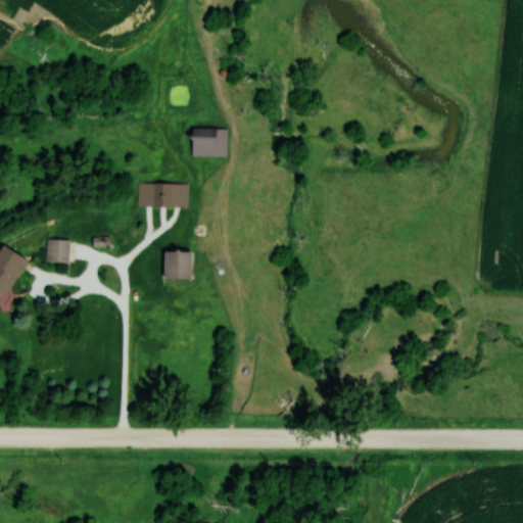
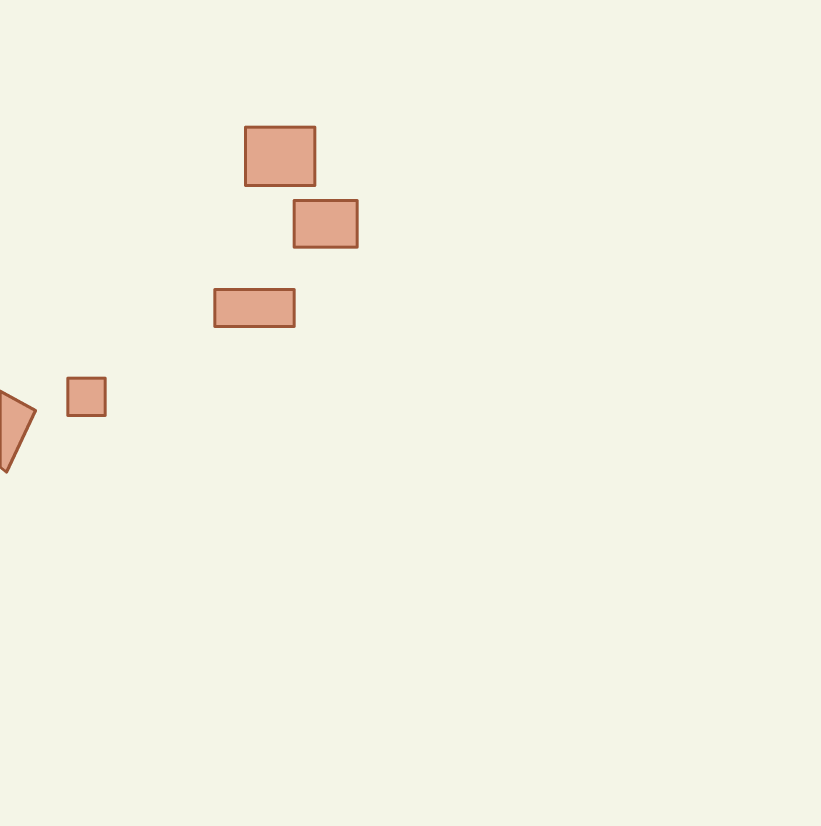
building: none -> [246,127,315,185]
building: [162,251,190,280] -> none

